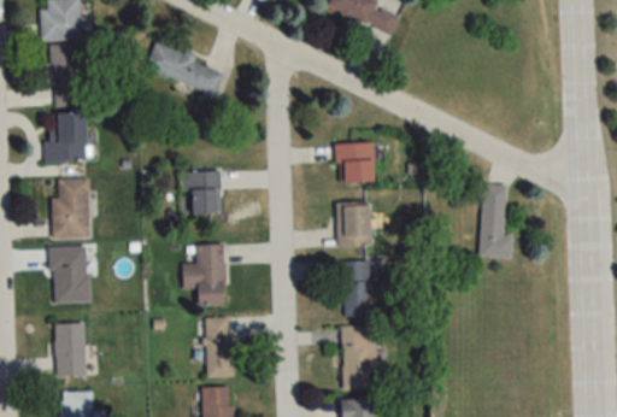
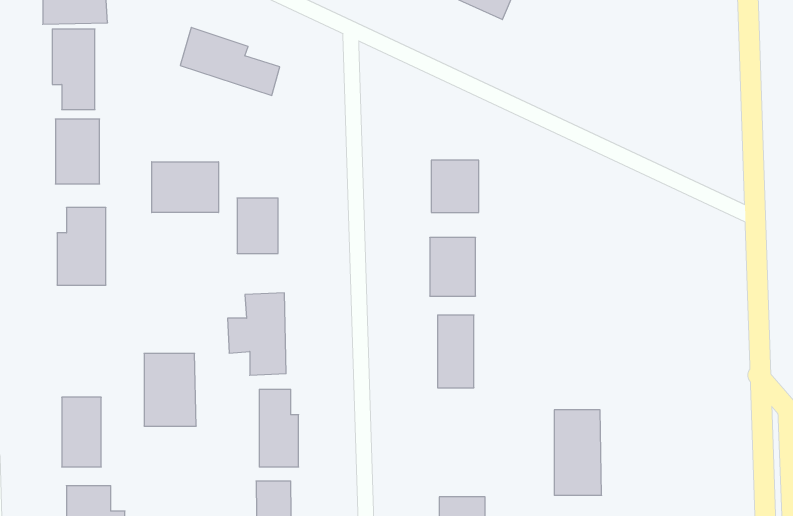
building: none -> [152,162,218,213]
building: [478,183,513,258] -> none
building: [51,247,90,303] -> [144,353,196,426]
building: [342,324,378,389] -> [554,410,602,495]

